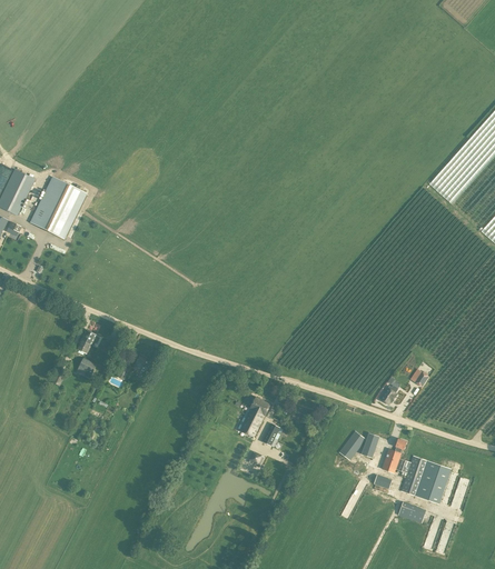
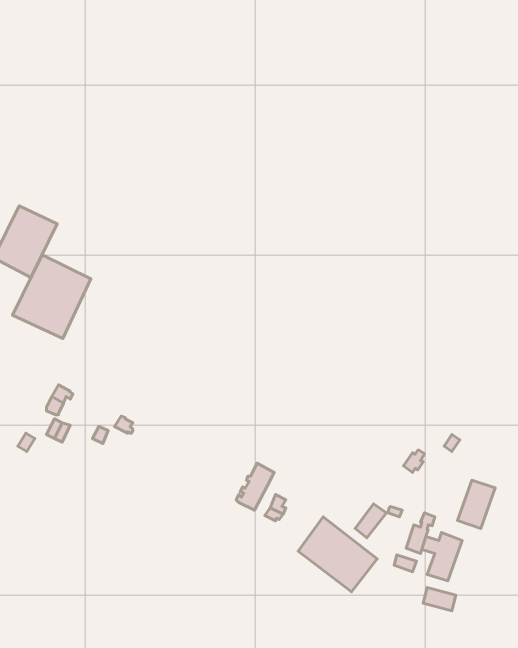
building: none -> [13,255,91,339]
building: none -> [298,517,377,592]
building: [417,461,449,502] -> [457,480,495,528]

